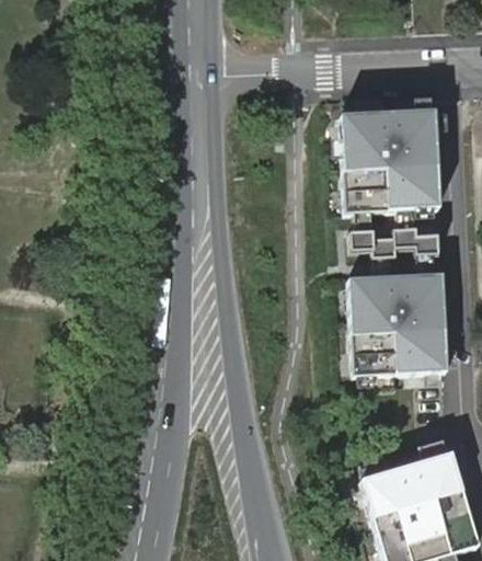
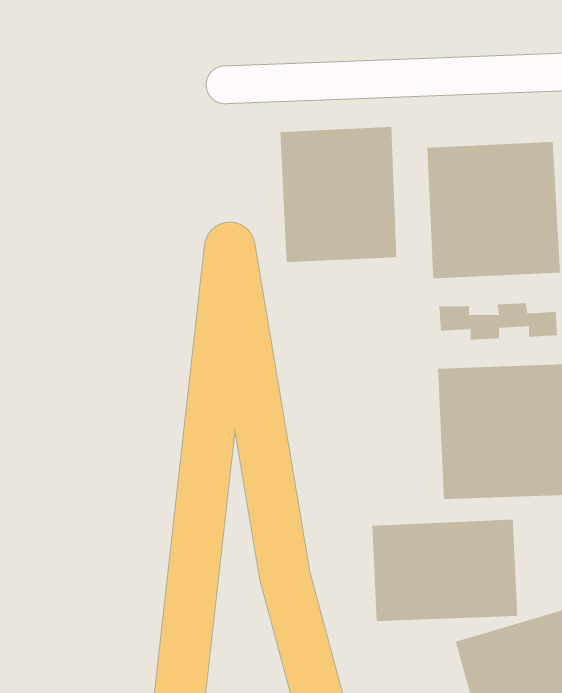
building: none -> [280,126,397,263]
building: none -> [372,519,518,622]

